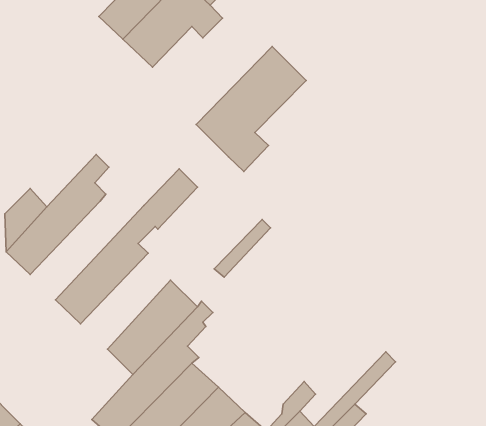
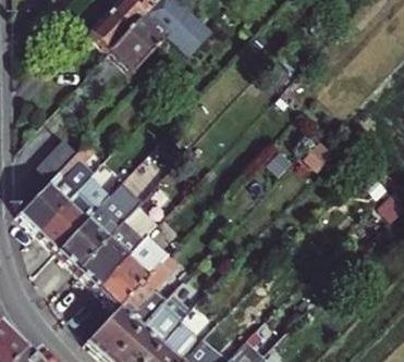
building: [196,46,306,172] -> none
building: none -> [37,175,125,253]
building: none -> [76,183,169,291]

